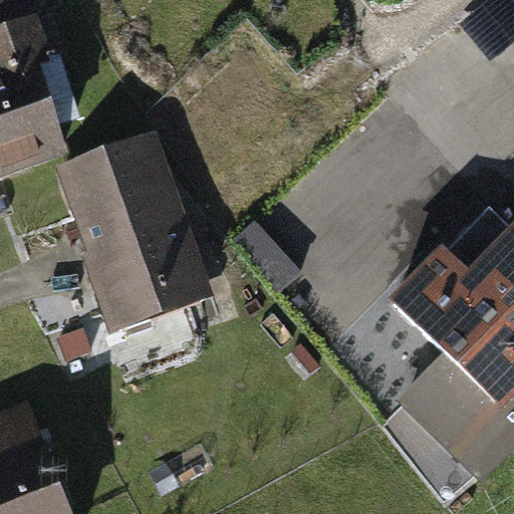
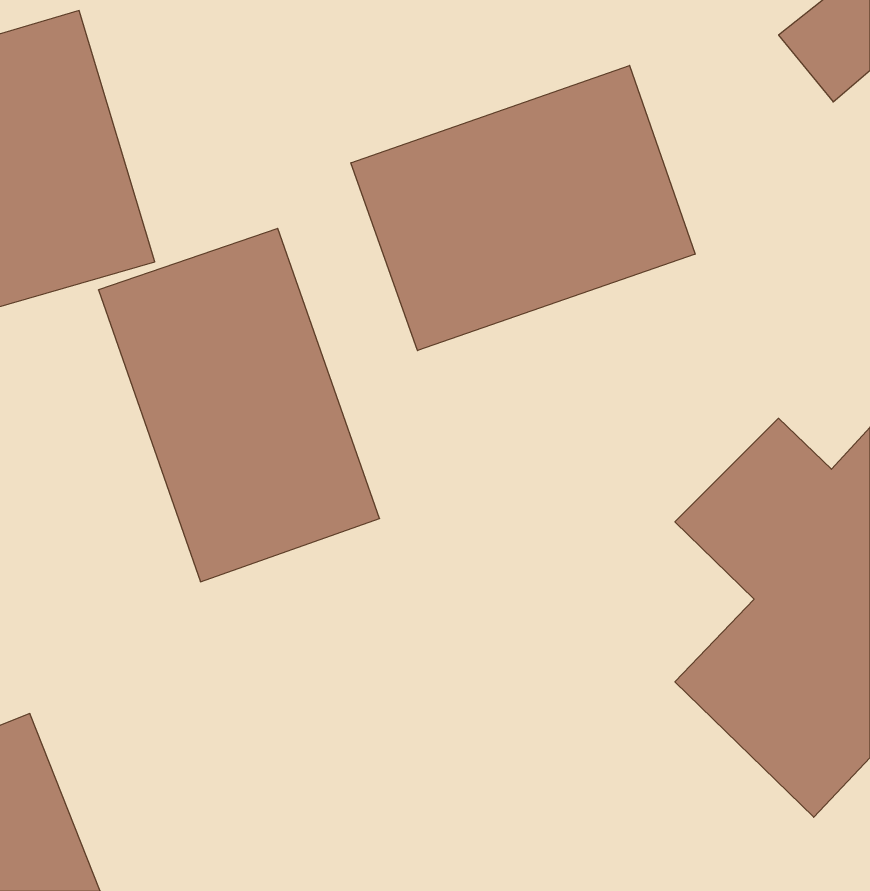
building: none -> [351,65,695,351]

